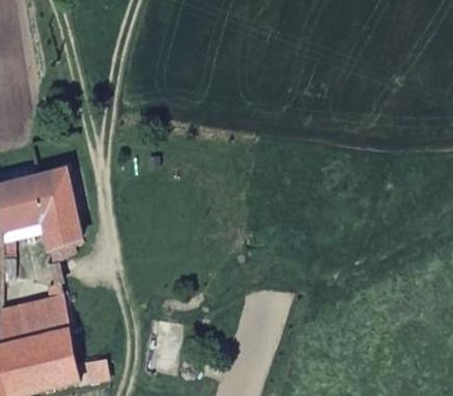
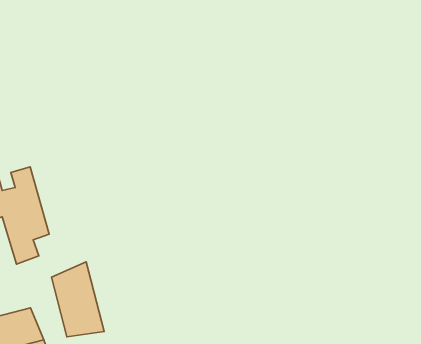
building: none -> [52,262,104,337]

